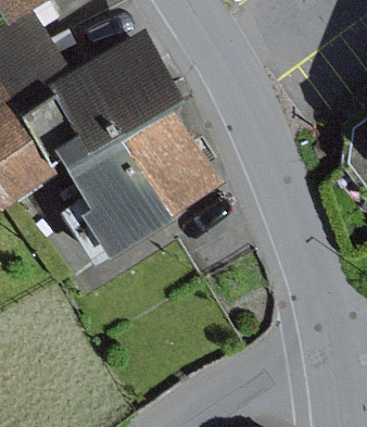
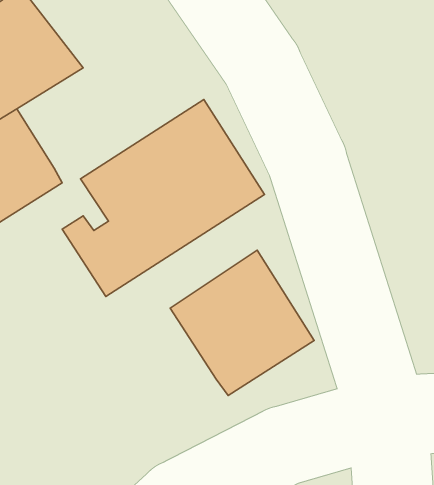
building: [22,39,181,169] -> none
building: none -> [170,250,314,395]

